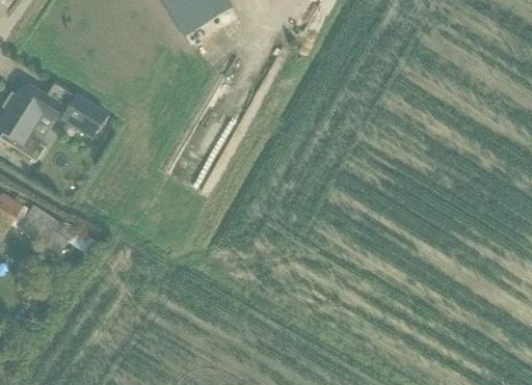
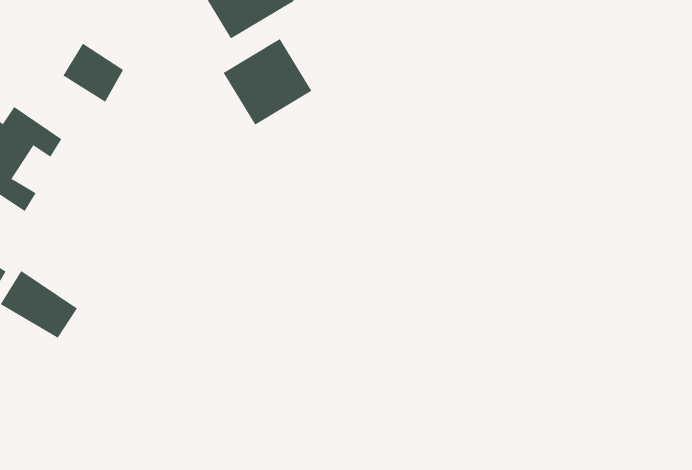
building: none -> [223,38,312,125]
building: [60,93,105,137] -> [63,43,124,103]

